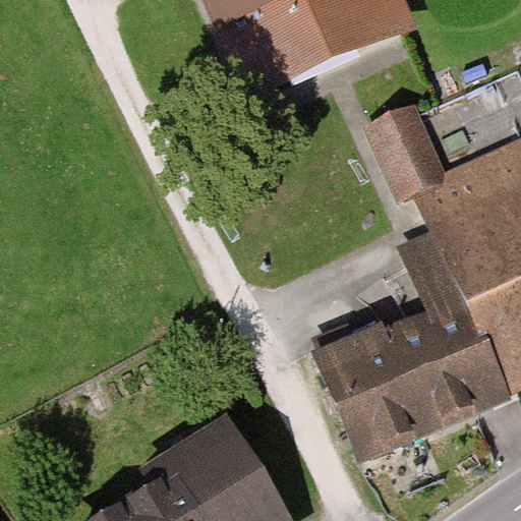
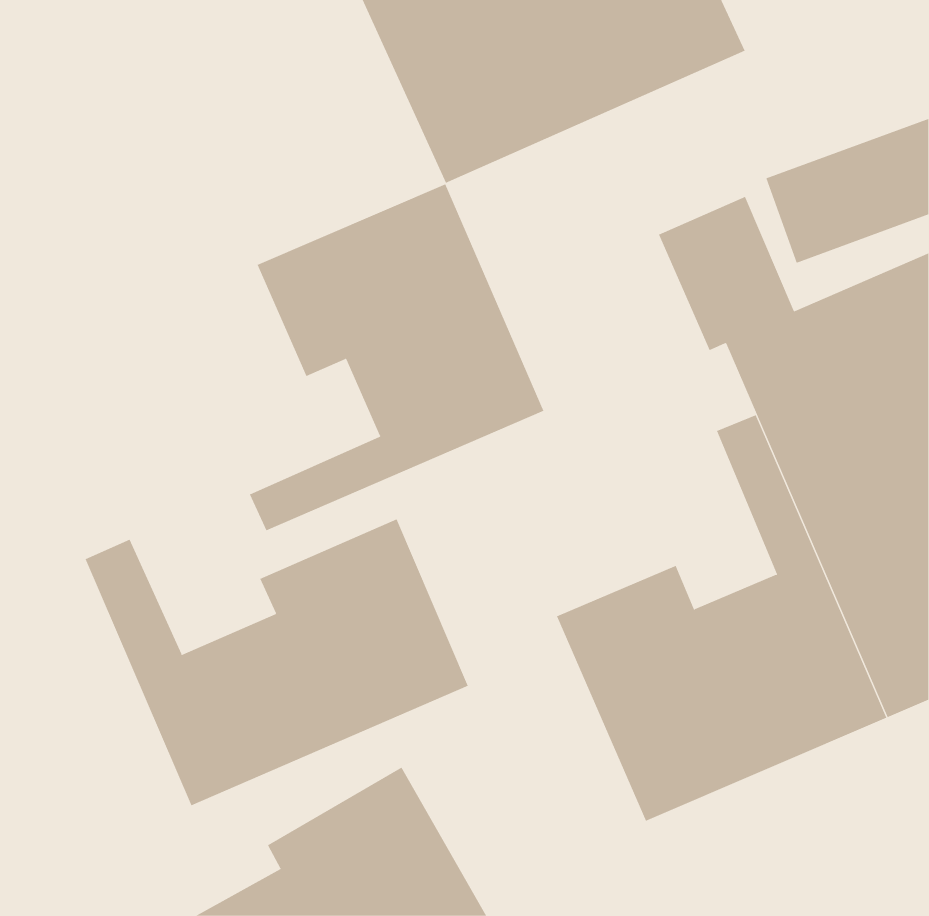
building: none -> [249,184,544,531]
building: none -> [85,519,468,806]

